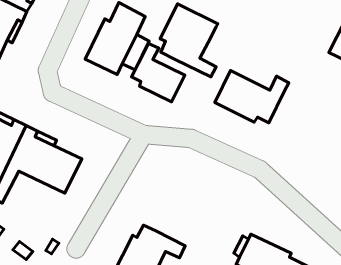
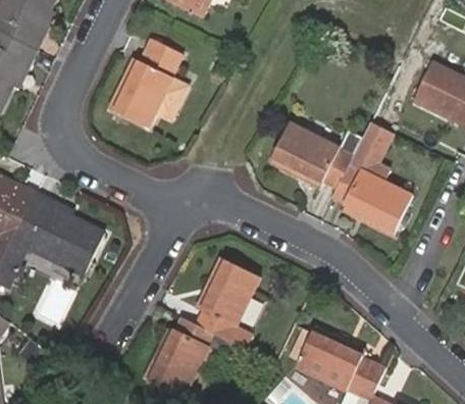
building: [160,4,218,77] -> none
building: [132,43,185,102] -> none
building: none -> [332,119,413,236]
building: none -> [197,257,259,348]

